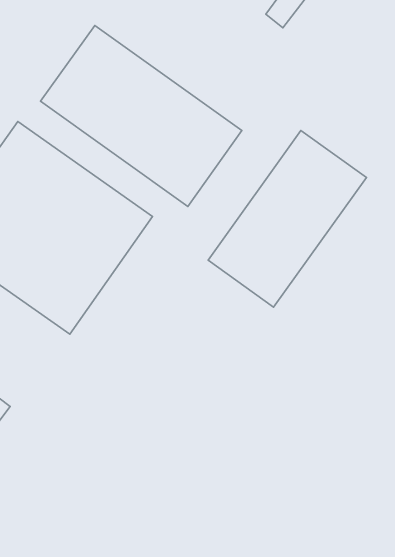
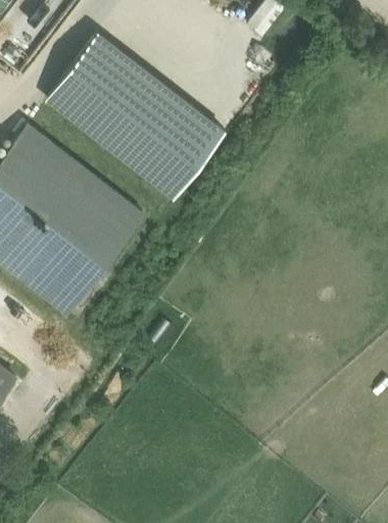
building: [208,131,366,307] -> none

